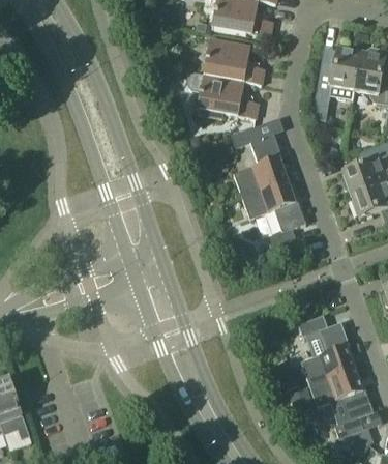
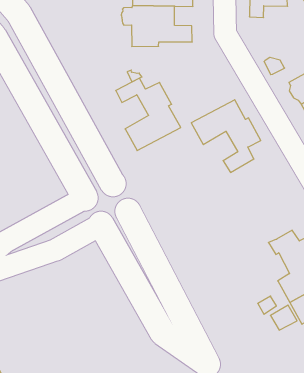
building: [230,126,287,196] -> [116,78,181,151]

